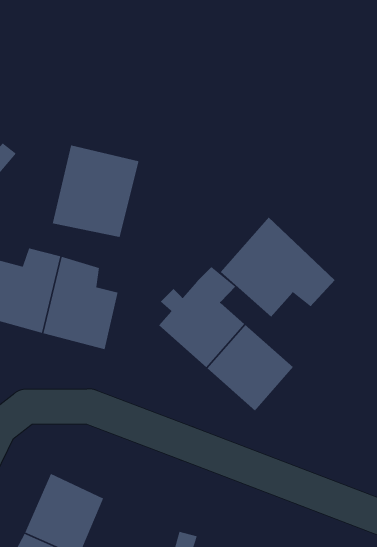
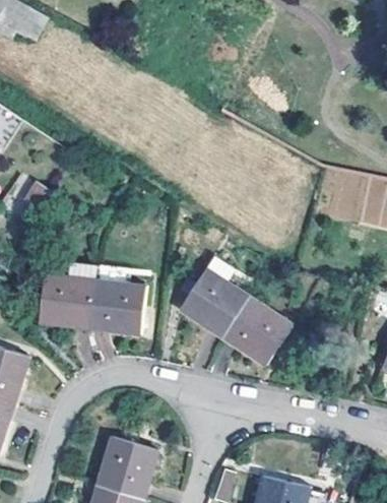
building: [52,145,140,238] -> none
building: [220,217,335,318] -> none

